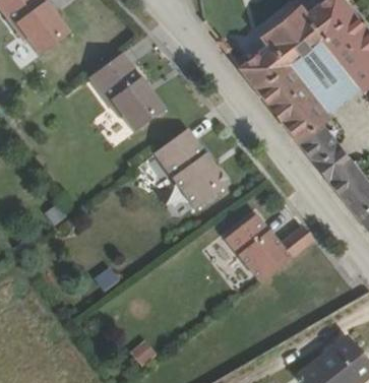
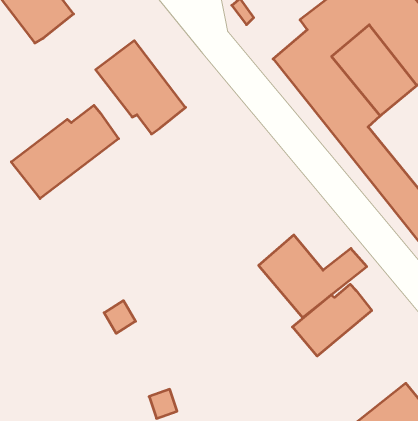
building: none -> [11,105,119,199]
building: [153,128,230,210] -> none
building: none -> [292,284,372,356]

